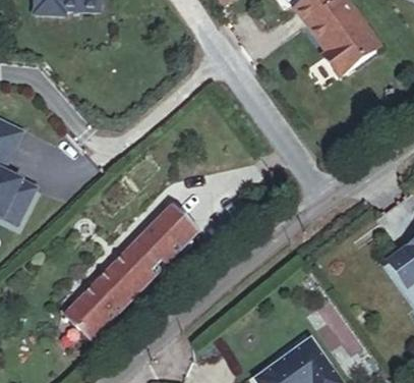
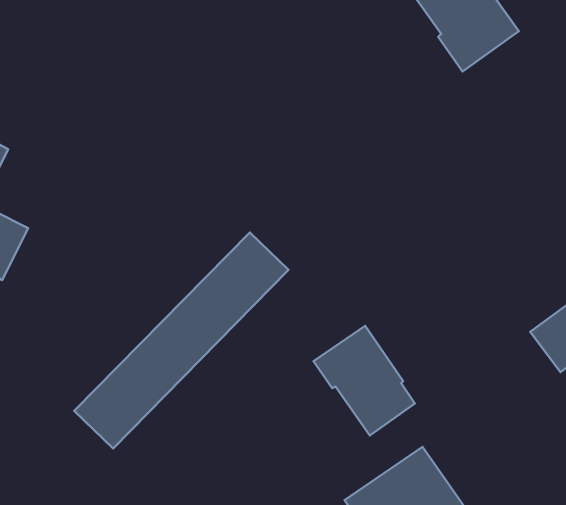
building: none -> [314,326,415,436]

